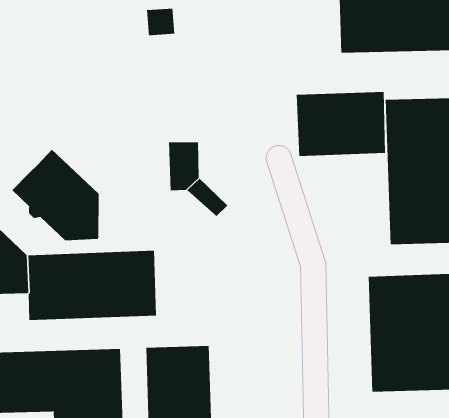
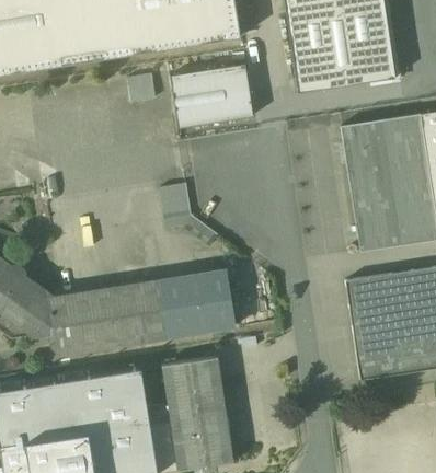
building: [296,92,386,156] -> [170,64,253,128]
building: [11,149,99,241] -> none
building: none -> [160,269,236,336]

